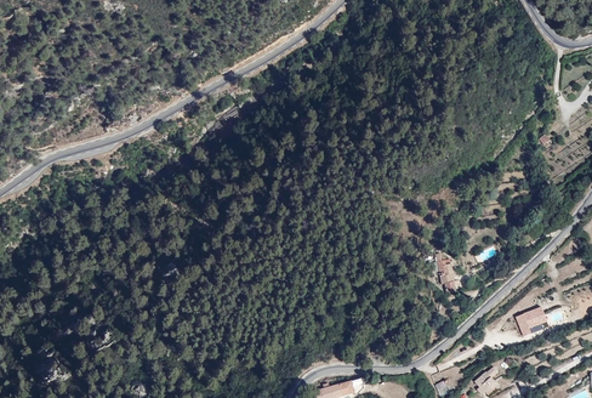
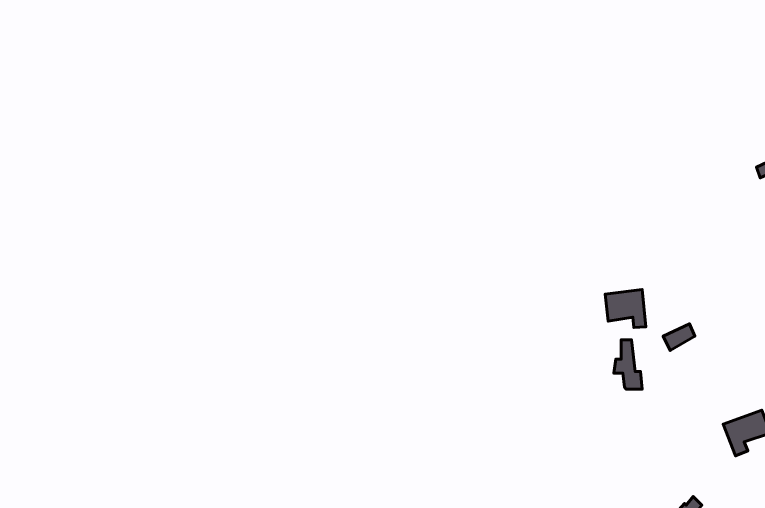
building: none -> [605,290,646,327]

